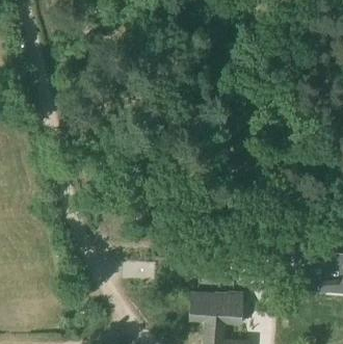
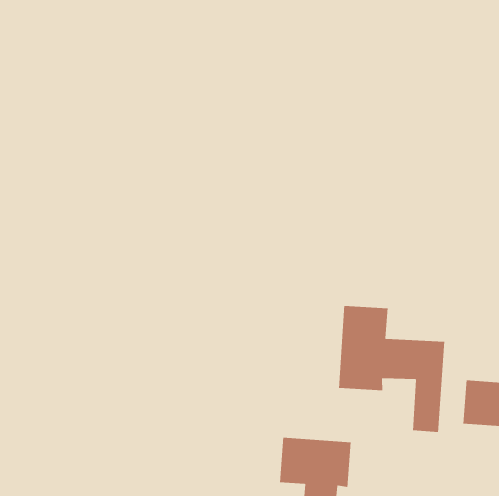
building: none -> [339,305,445,433]

